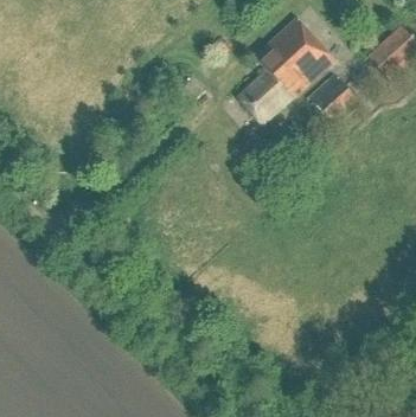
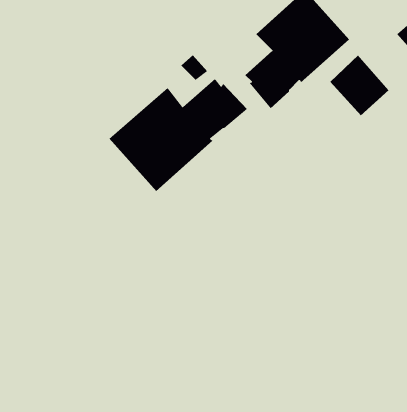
building: none -> [109,78,248,192]

